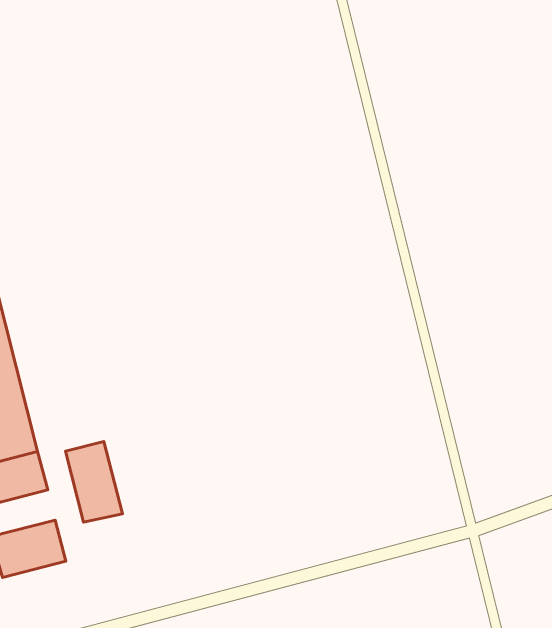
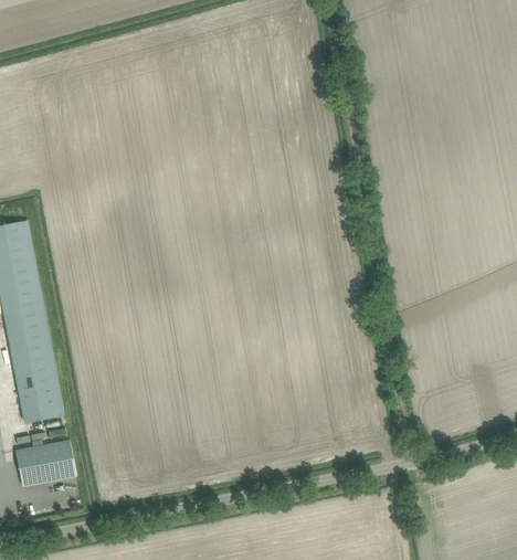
building: [65,442,123,522] -> none

